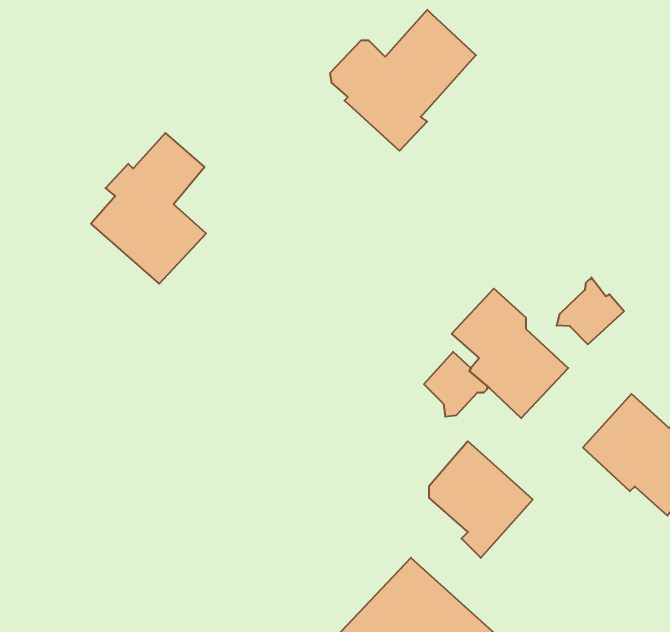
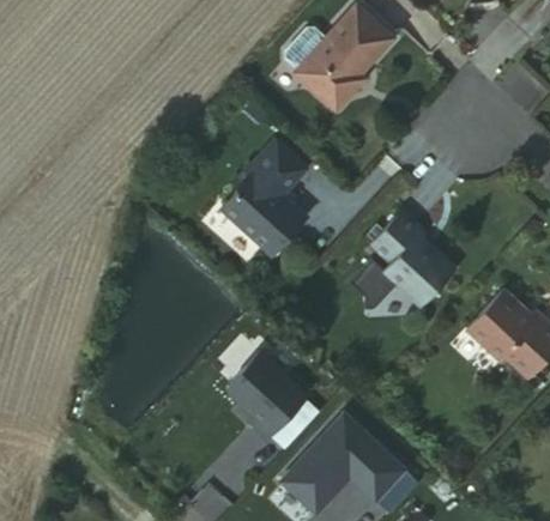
building: [91,133,206,284] -> [219,145,304,256]
building: [557,277,624,344] -> none
building: [429,441,533,558] -> [230,352,307,438]

